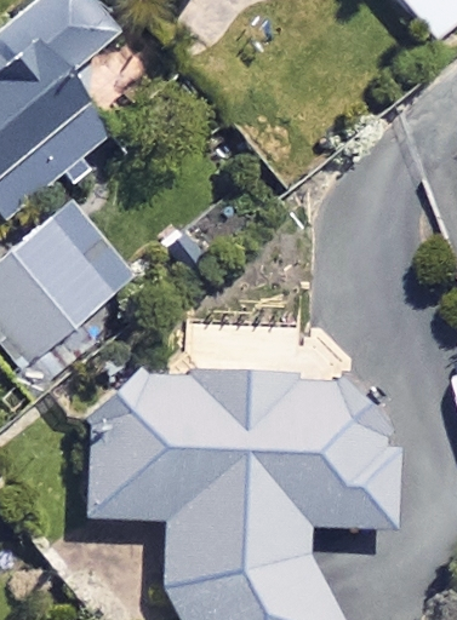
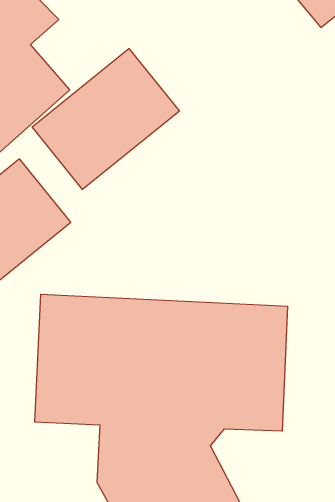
building: none -> [32,49,180,189]

